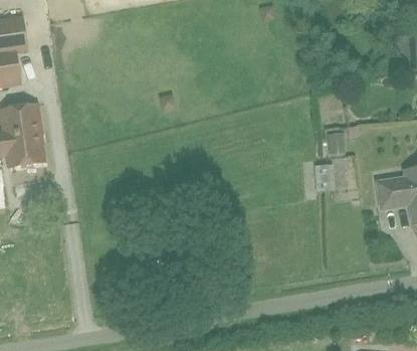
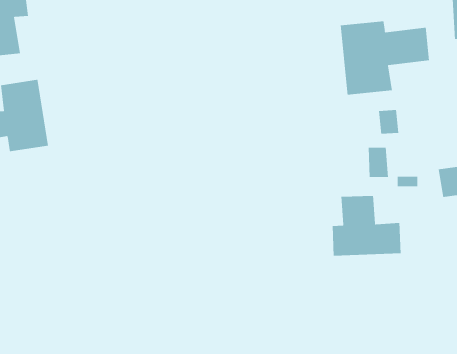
building: none -> [340,21,429,96]
building: none -> [332,195,401,256]

